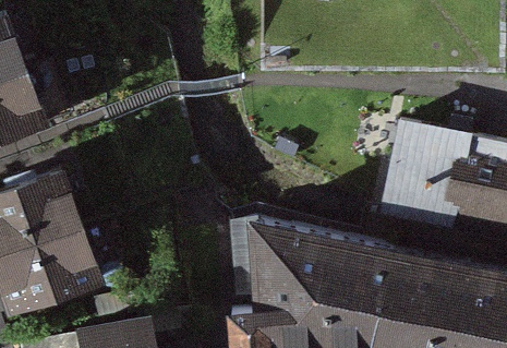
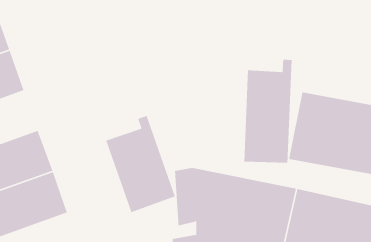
building: none -> [244,59,292,164]
building: none -> [105,115,176,213]

